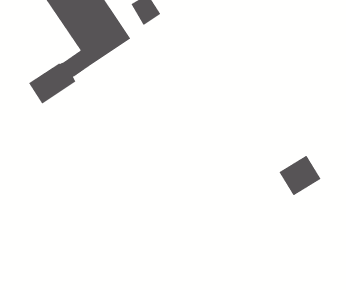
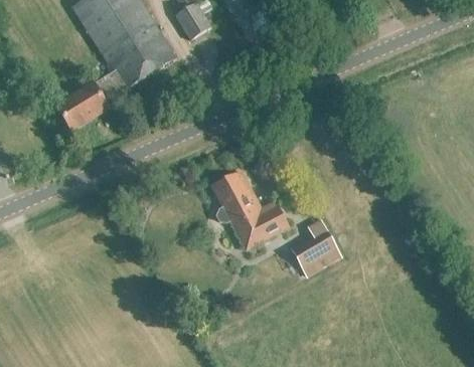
building: none -> [213,170,285,246]
building: [278,155,321,196] -> [289,228,339,277]

